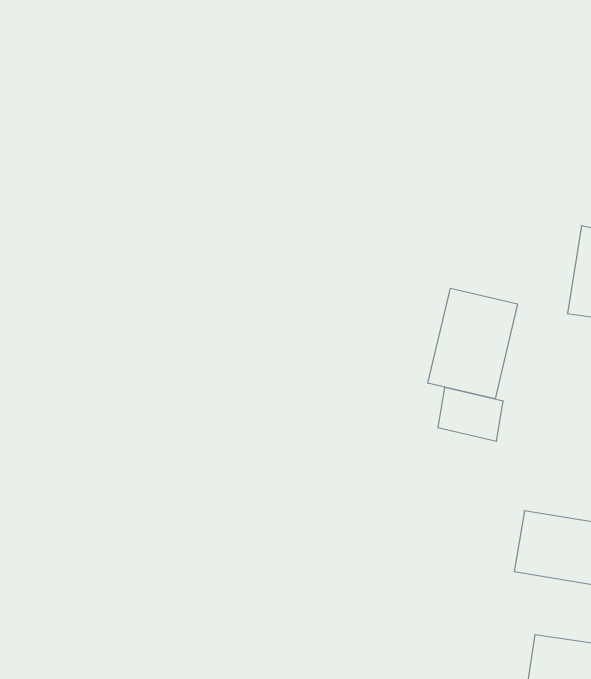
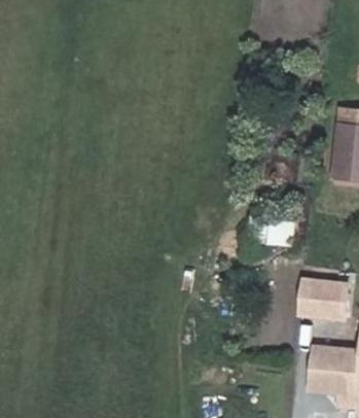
building: [428,288,518,399] -> none

